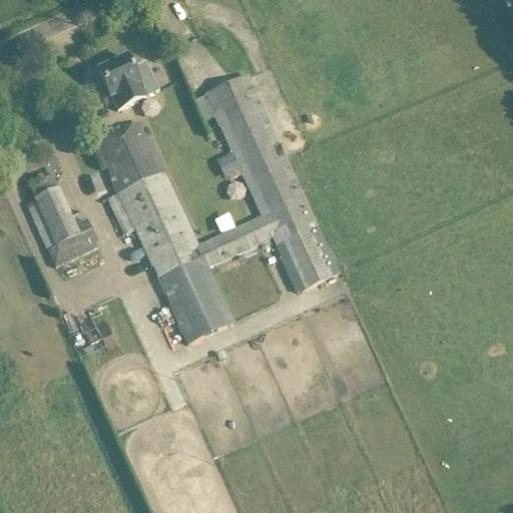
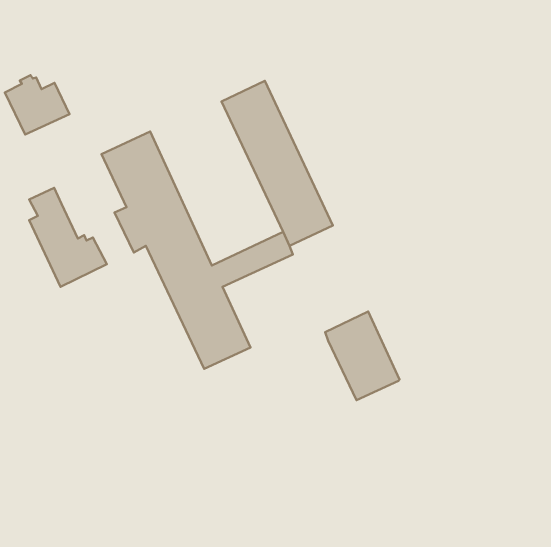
building: [97,54,157,109] -> [5,75,70,135]
building: [269,209,338,292] -> [325,312,400,400]

